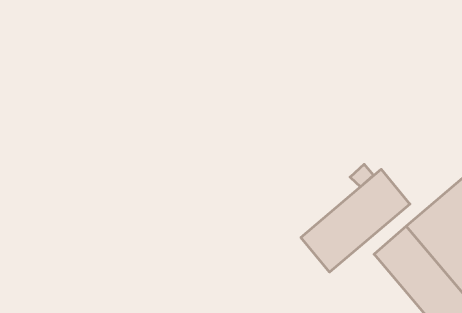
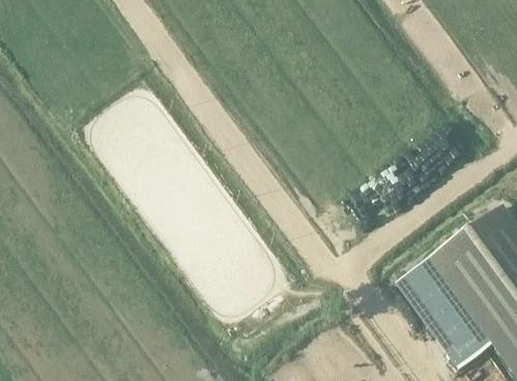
building: [301,169,410,272] -> none

